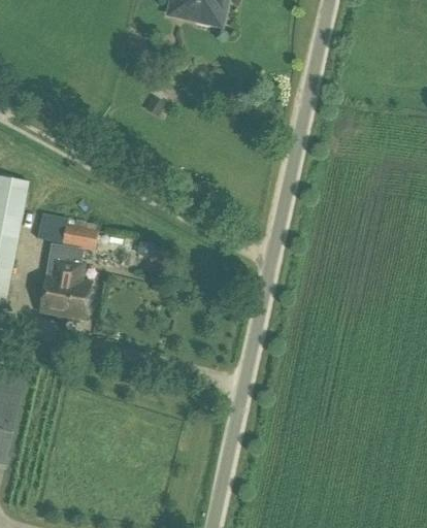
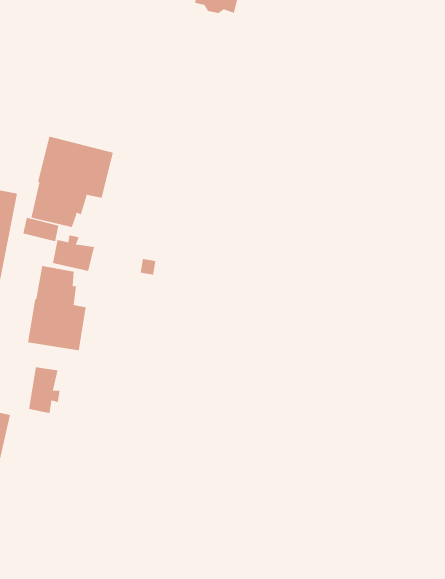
building: none -> [31,136,114,228]
building: none -> [28,366,60,414]

